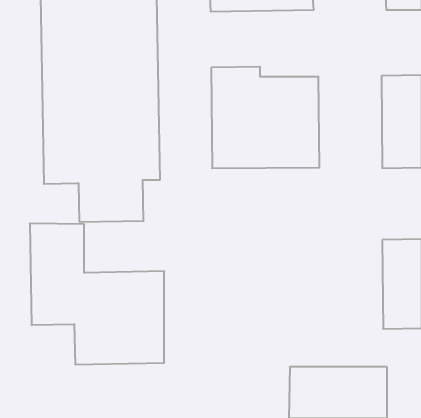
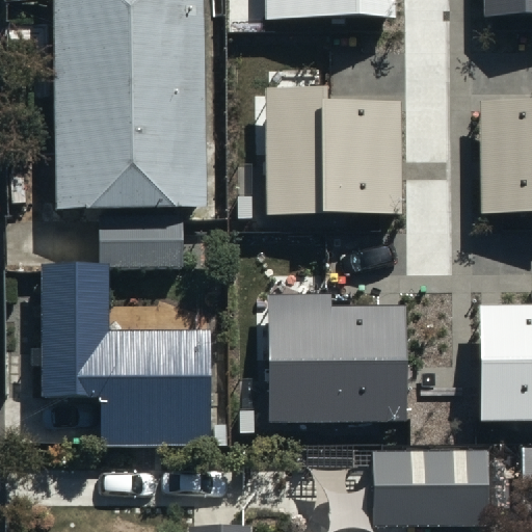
building: none -> [271,291,408,419]

